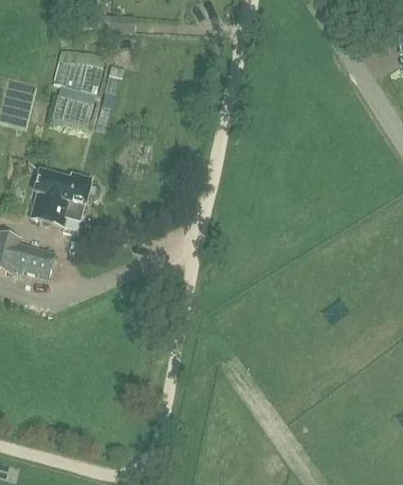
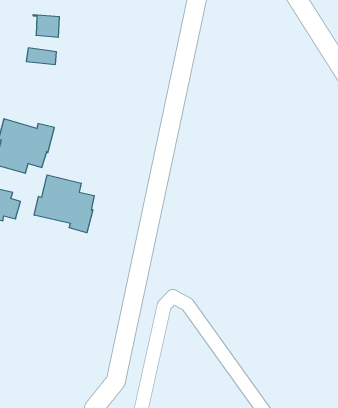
building: none -> [34,175,94,233]

